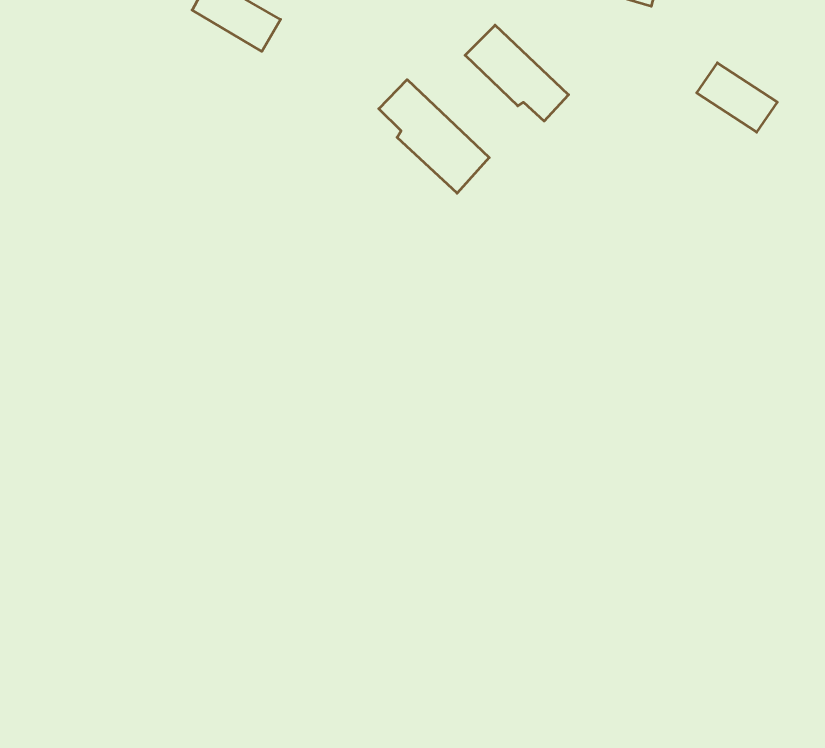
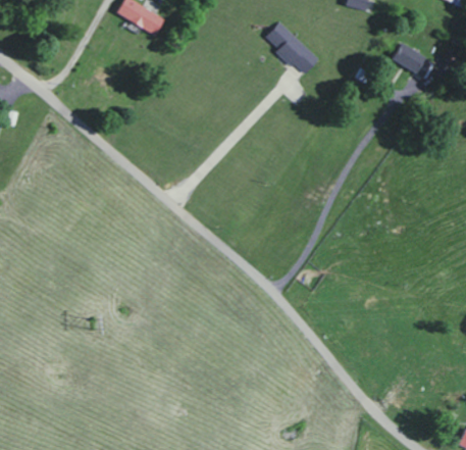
building: [379,80,489,193] -> none

